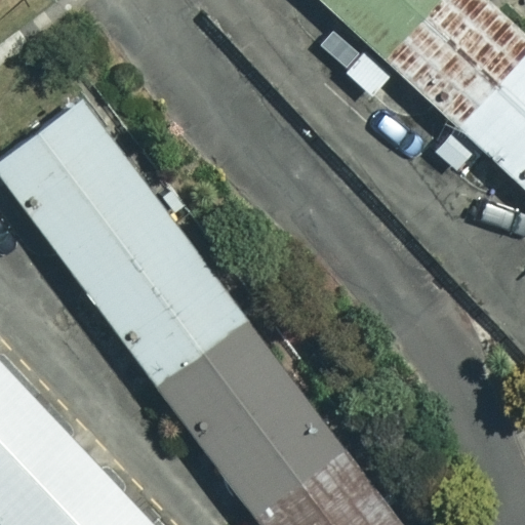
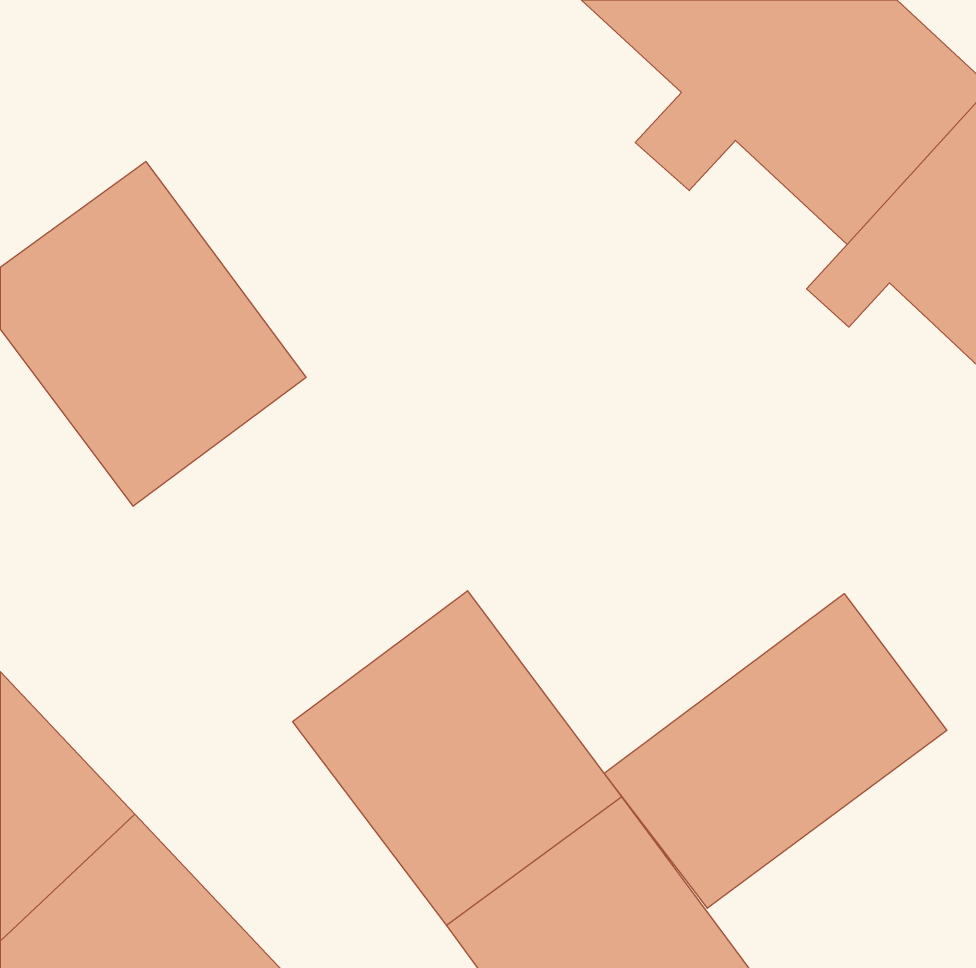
building: [75,209,253,393] -> none
building: none -> [604,594,947,908]

